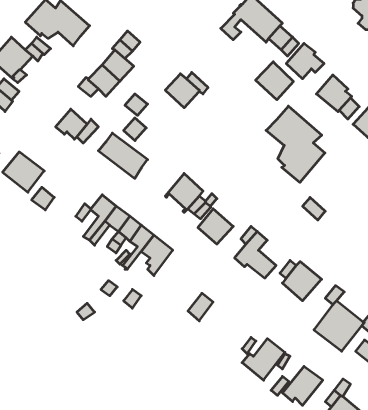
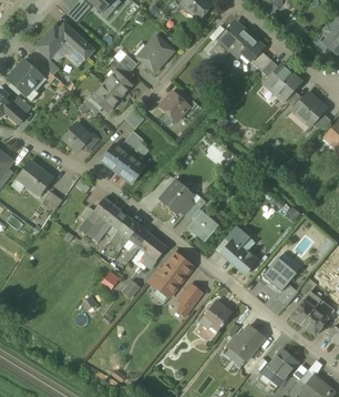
building: none -> [137,34,173,71]
building: [256,62,293,100] -> none
building: [266,106,325,182] -> none
building: none -> [147,253,193,296]
building: none -> [199,299,232,328]

